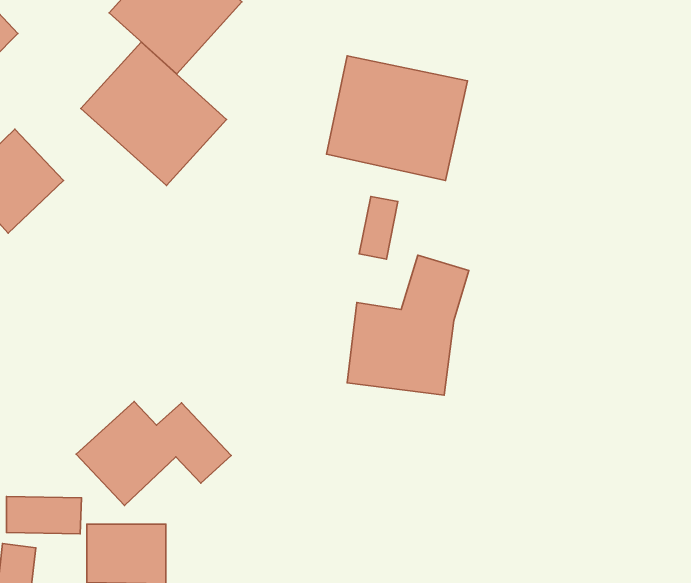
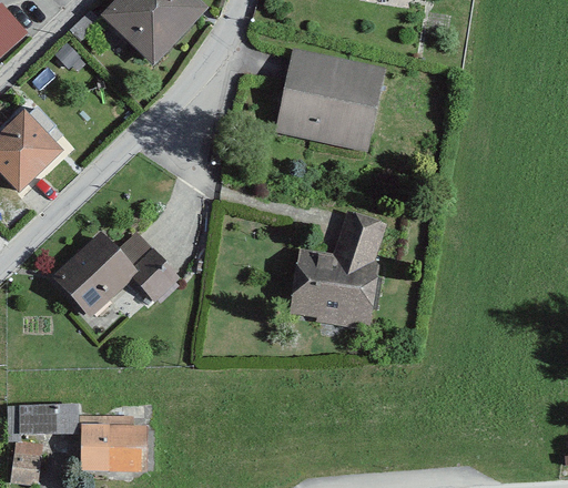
building: [81,42,227,186] -> none
building: [359,196,398,259] -> none
building: [76,402,231,505] -> [52,233,176,316]

